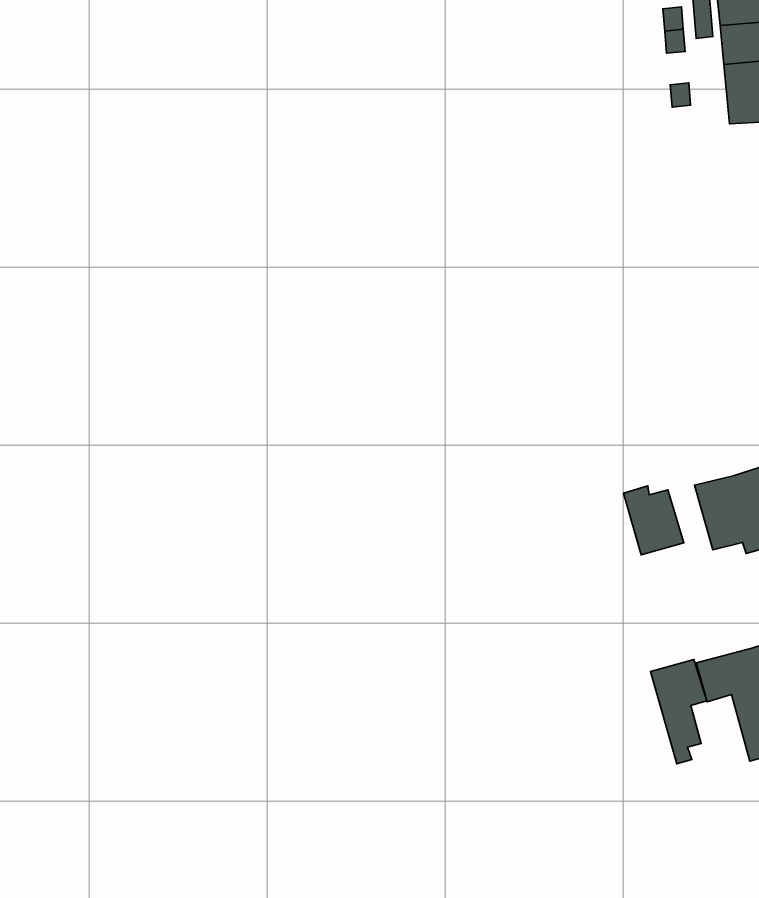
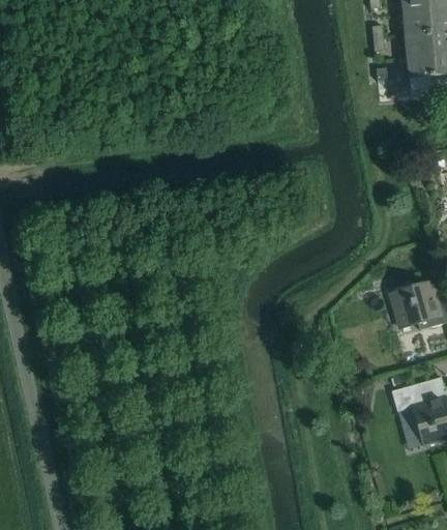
building: [623,486,684,555] -> none
building: [651,659,707,764] -> none

